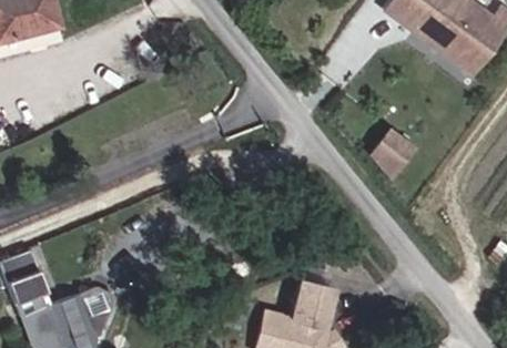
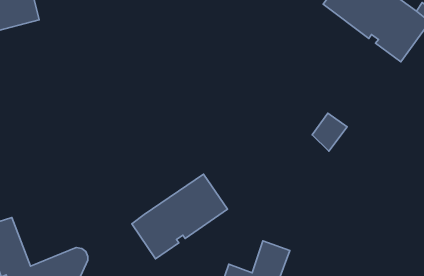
building: none -> [132,174,227,259]

